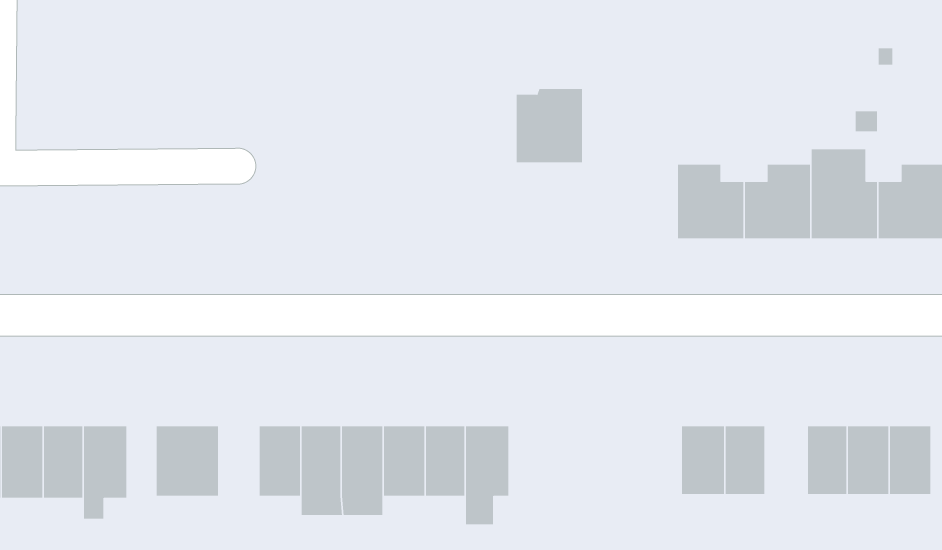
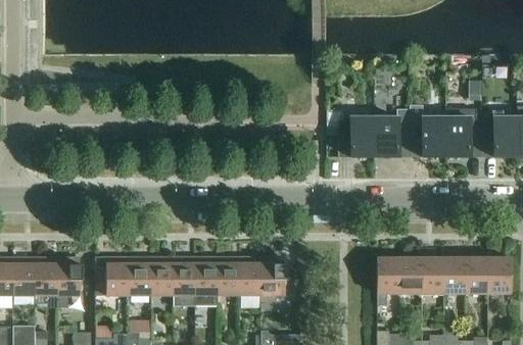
building: [516,89,583,163] -> [339,117,375,157]
building: none -> [130,257,151,295]
building: none -> [422,257,444,294]

